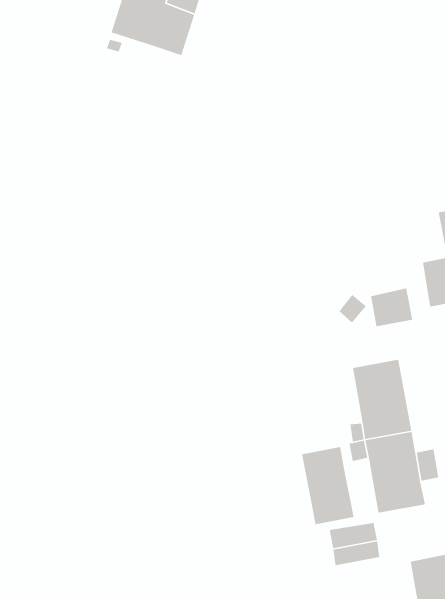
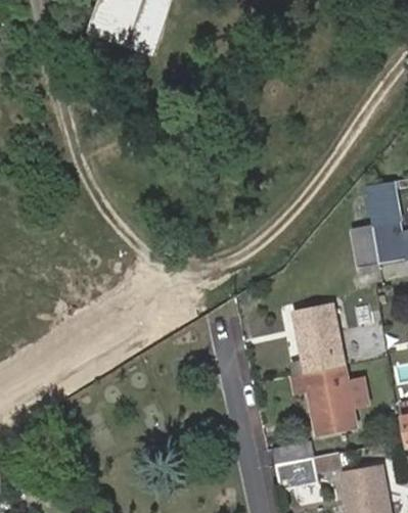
building: [370,287,413,327] -> none
building: [301,446,354,525] -> none

